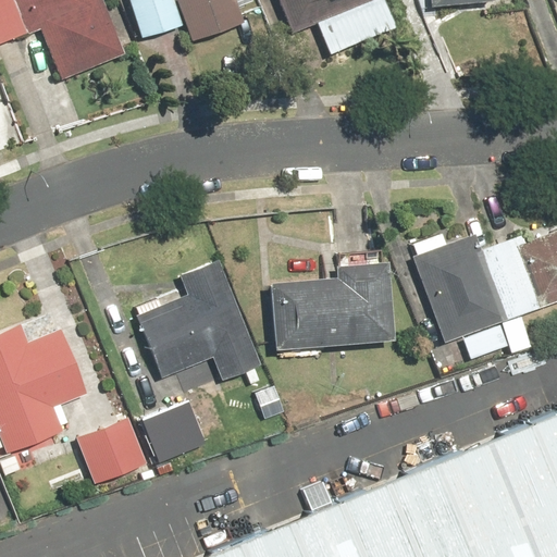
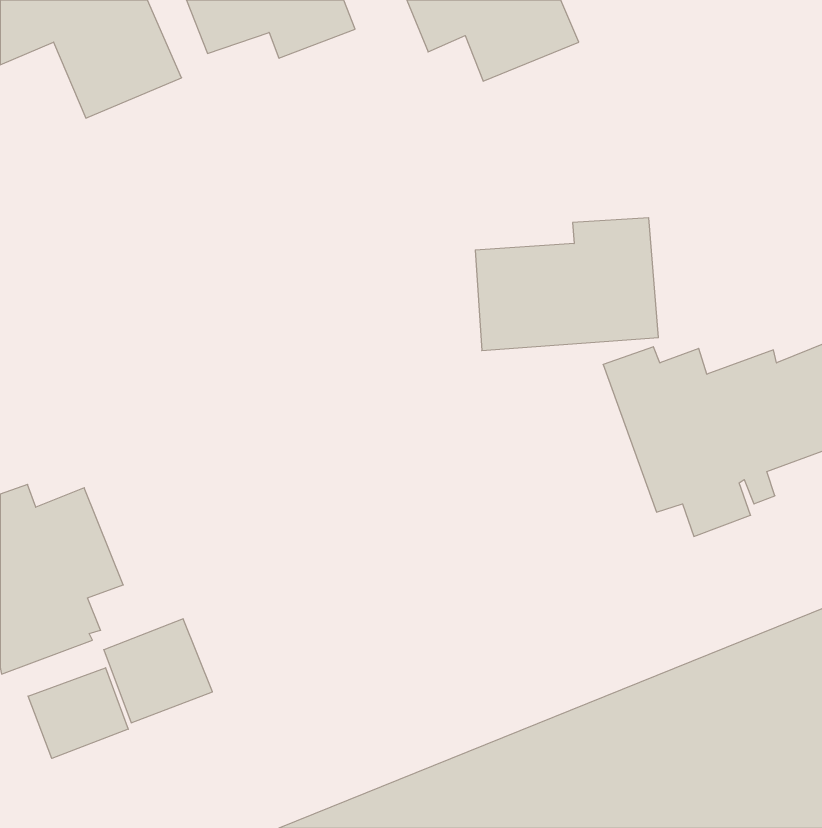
building: [136,260,260,381] -> none
building: [268,260,391,349] -> [475,218,658,351]
building: [141,399,205,461] -> none
building: none -> [28,668,128,758]

